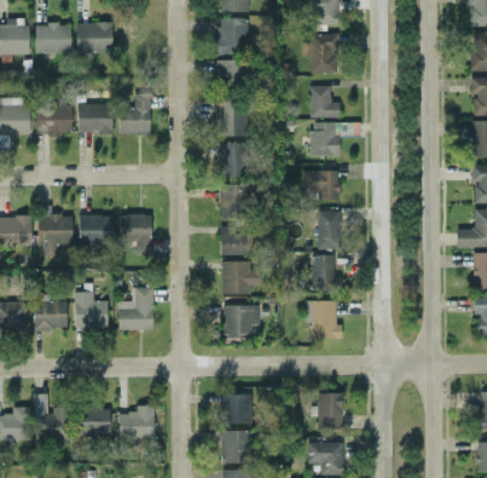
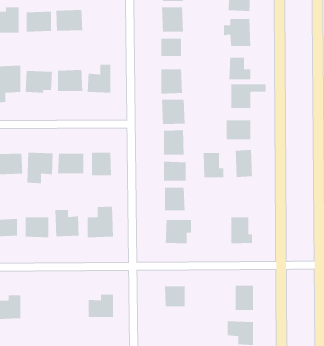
building: [311,255,340,290] -> [203,152,224,178]
building: [33,393,69,439] -> none
building: [77,409,110,436] -> none
building: [220,431,253,463] -> none

